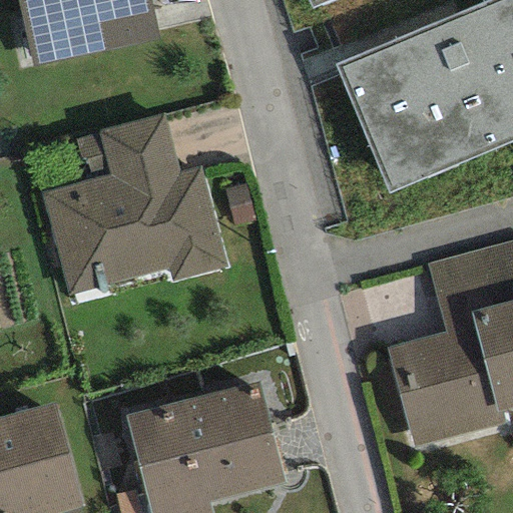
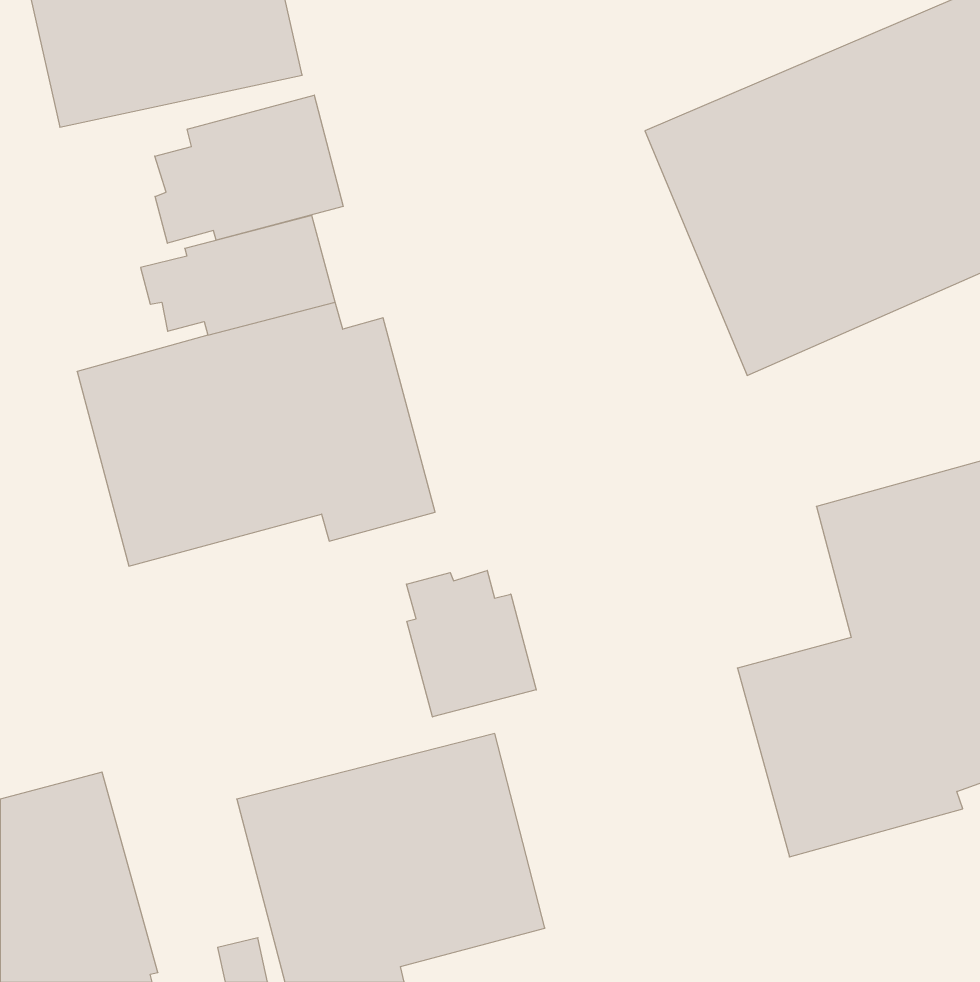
building: none -> [155,95,343,243]
building: none -> [406,570,536,717]

